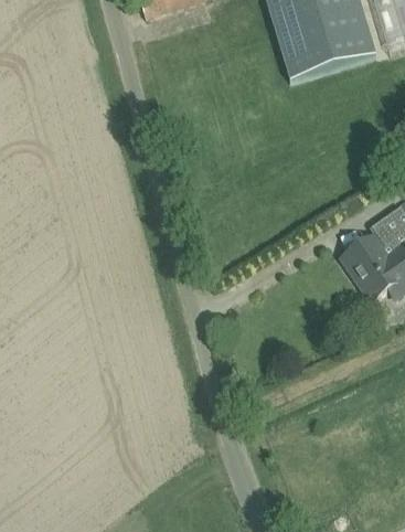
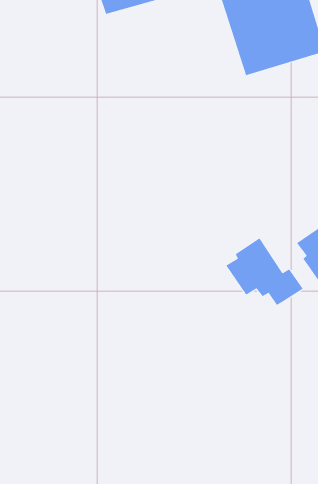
building: none -> [225,238,303,306]

